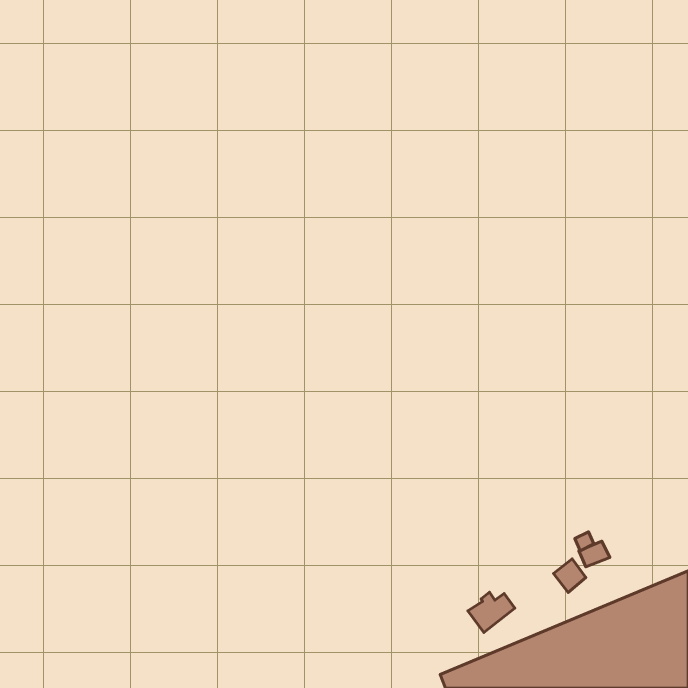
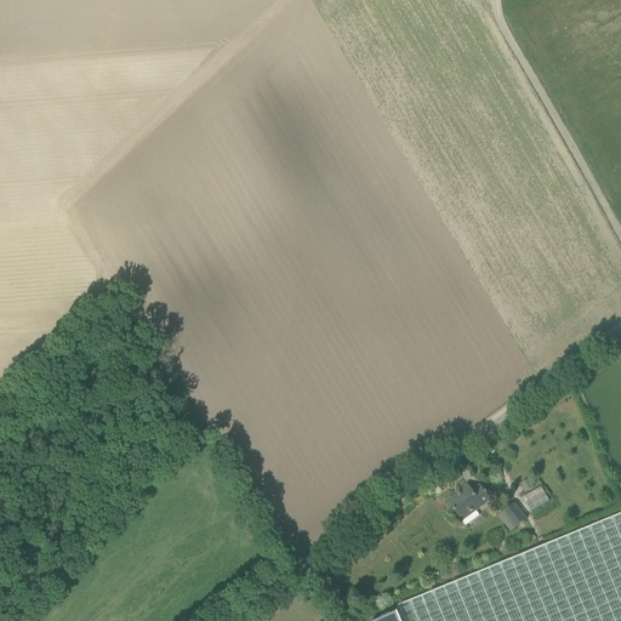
building: [468,592,515,632] -> [448,485,490,522]

